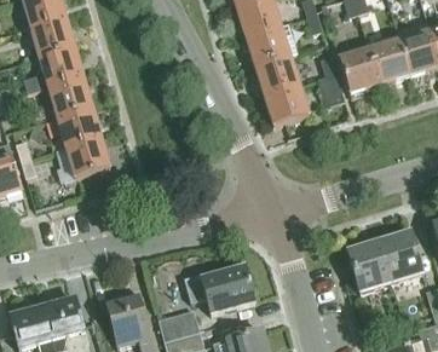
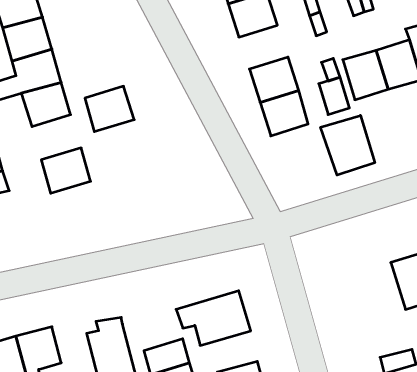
building: [244,22,298,64] -> none
building: [57,105,102,146] -> [85,86,134,132]
building: none -> [321,115,375,175]
building: [346,240,396,293] -> none

